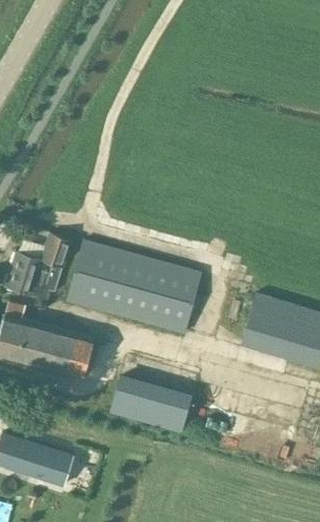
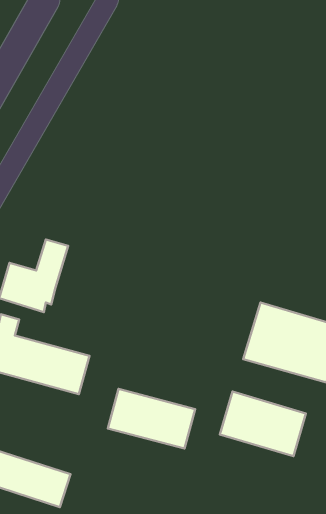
building: [66,240,202,334] -> none
building: none -> [220,392,306,456]

